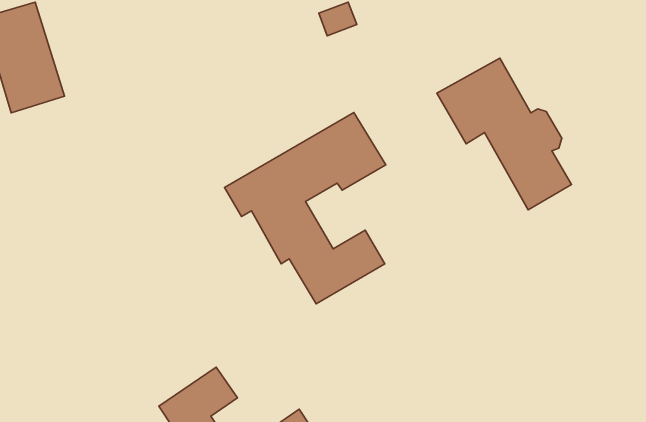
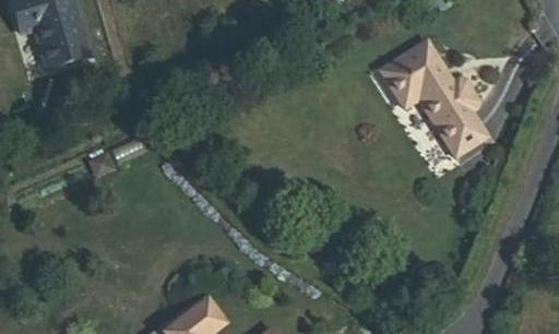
building: [225,113,386,304] -> none

